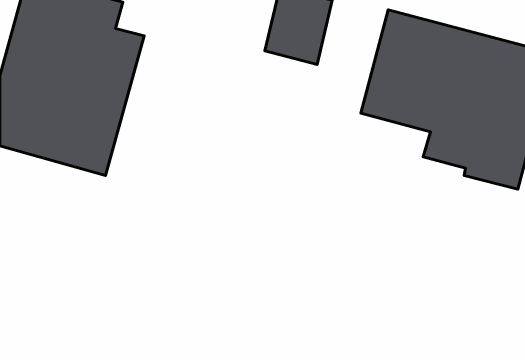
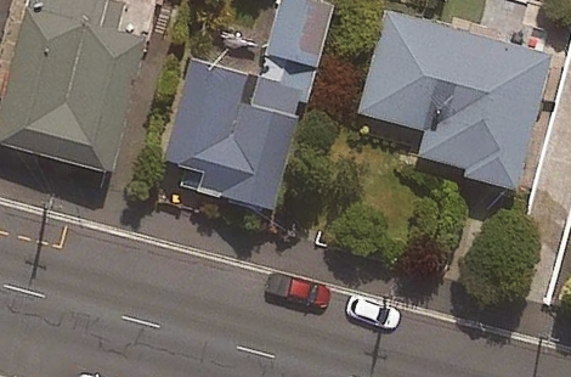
building: none -> [166,60,306,209]

